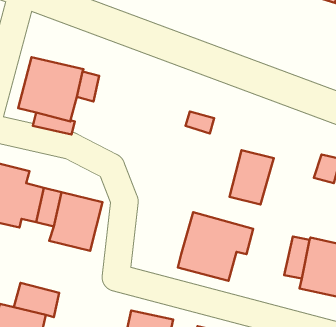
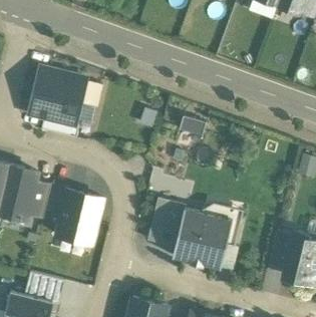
building: [229,150,274,205] -> [146,197,187,246]

